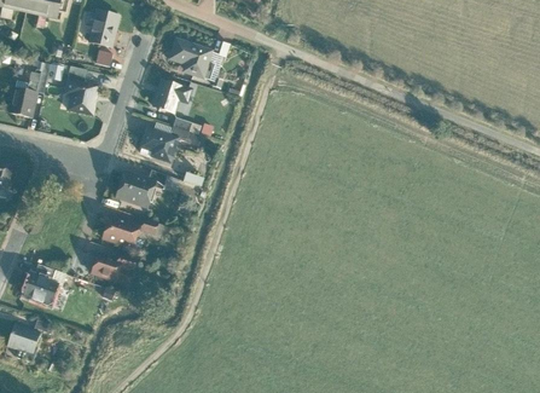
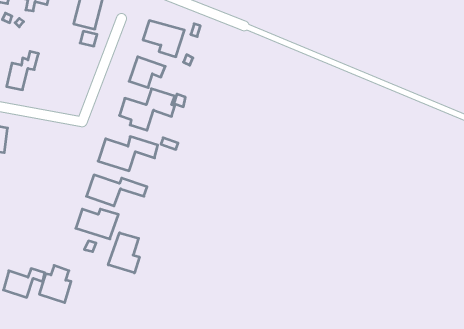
building: [64,69,100,117] -> none
building: [21,266,57,308] -> [39,265,71,303]
building: none -> [108,233,139,273]

